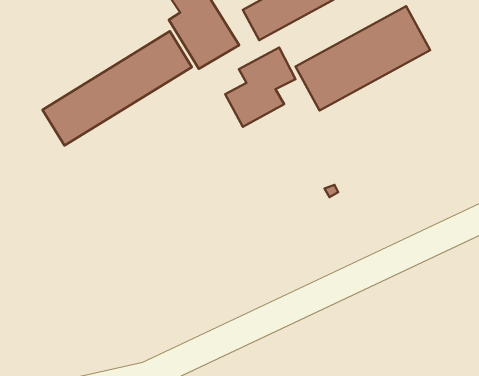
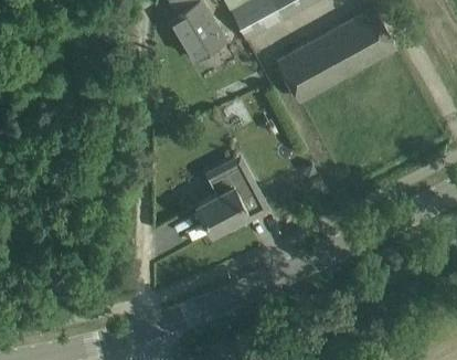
building: [42,31,192,146] -> none
building: [225,48,296,127] -> [195,163,257,233]

